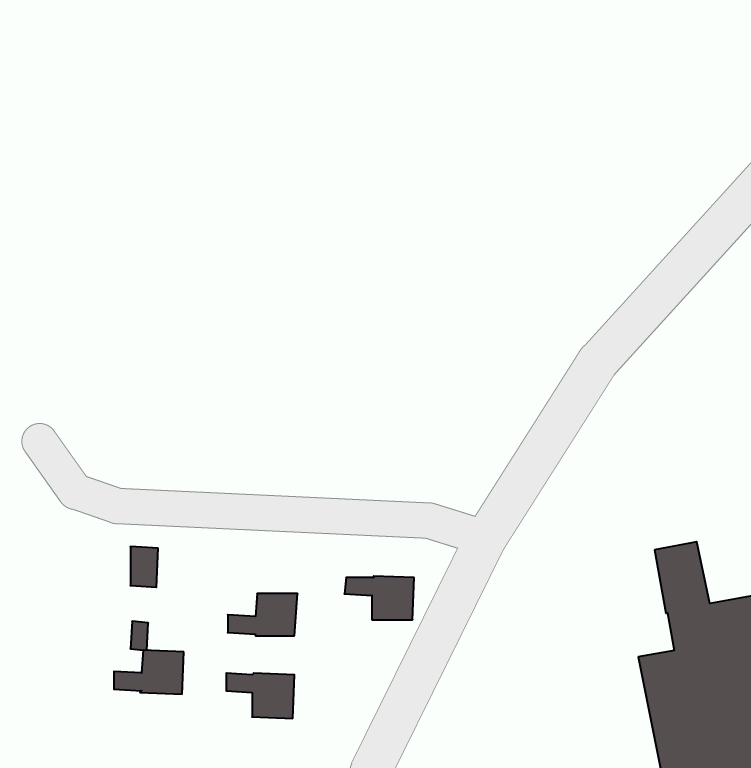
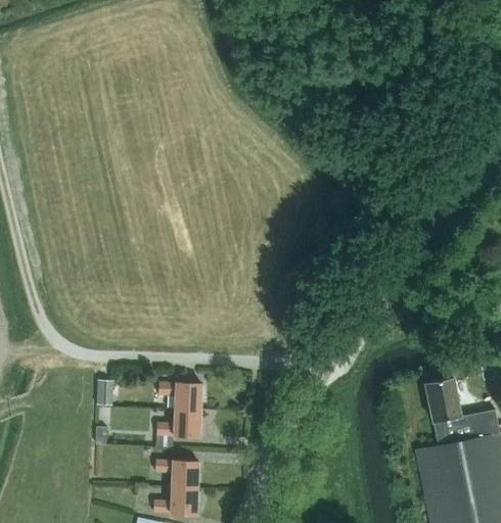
building: [344,576,414,620] -> [158,382,202,410]
building: [114,650,184,694] -> [154,487,198,515]

